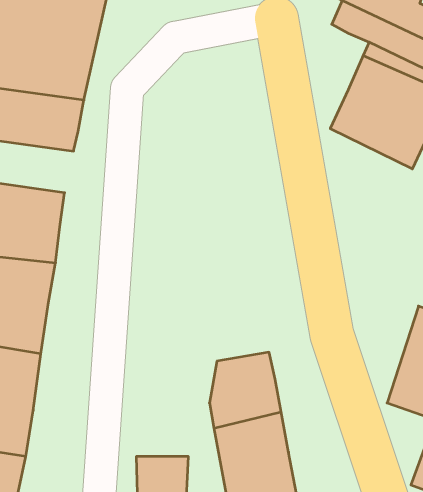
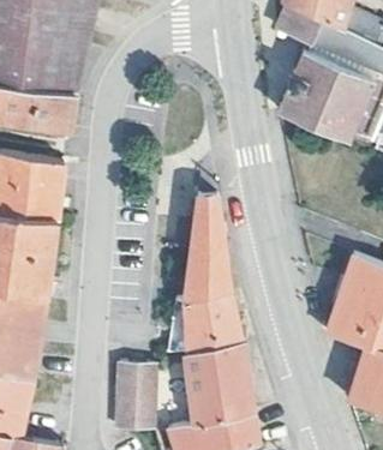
building: none -> [185,193,227,299]

